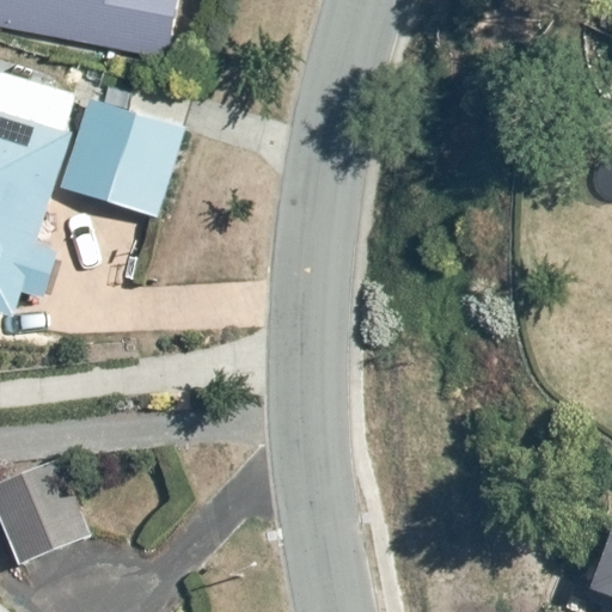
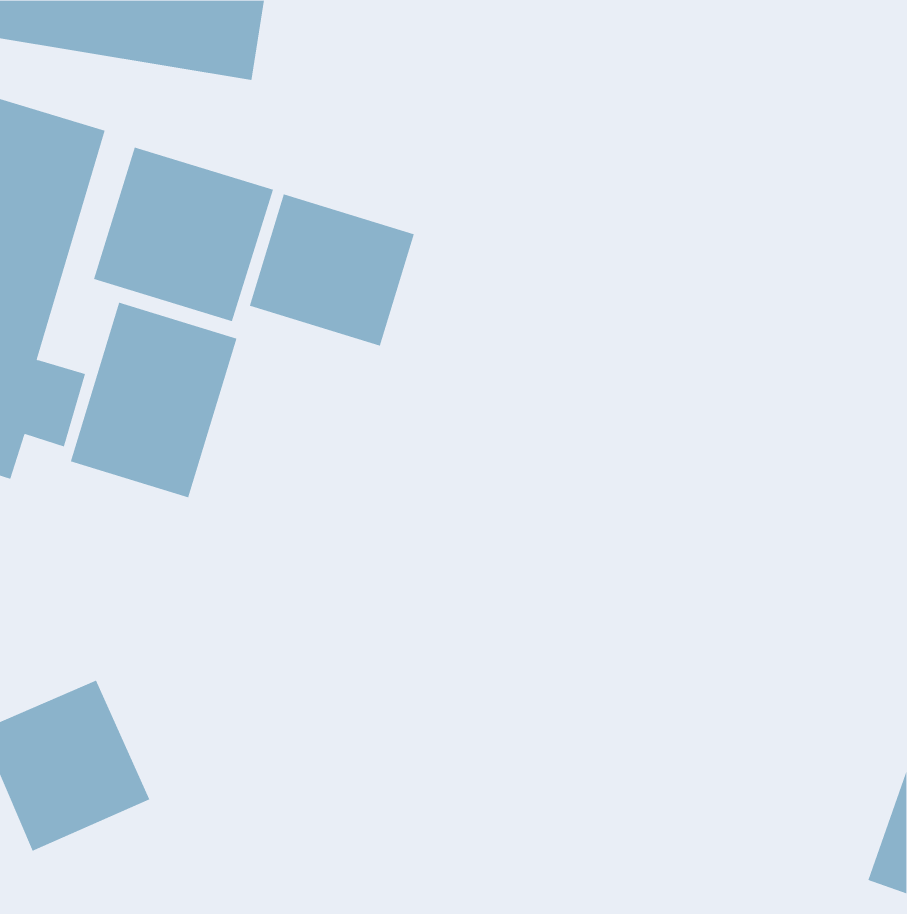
building: none -> [249,194,415,347]
building: none -> [70,302,237,498]

